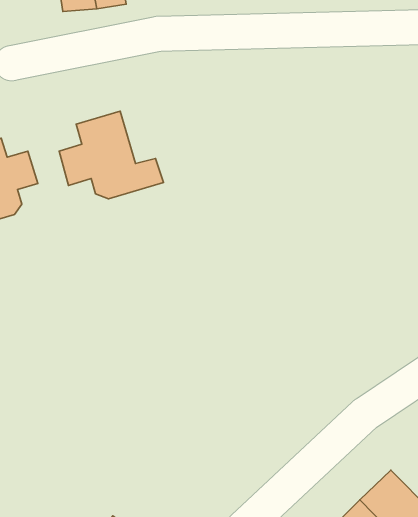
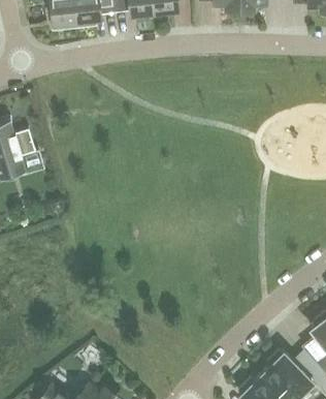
building: [59,111,164,199] -> none

